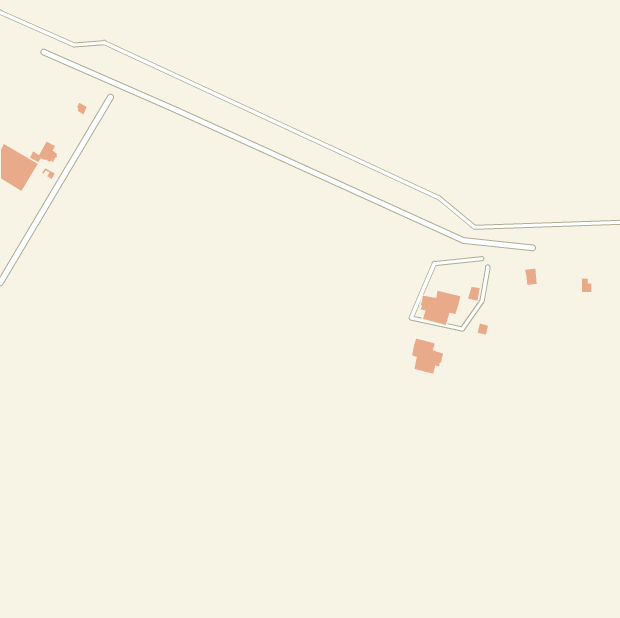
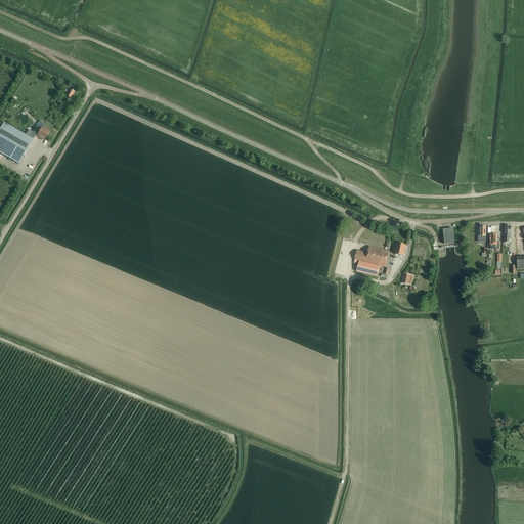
building: [411,338,444,375] -> none

